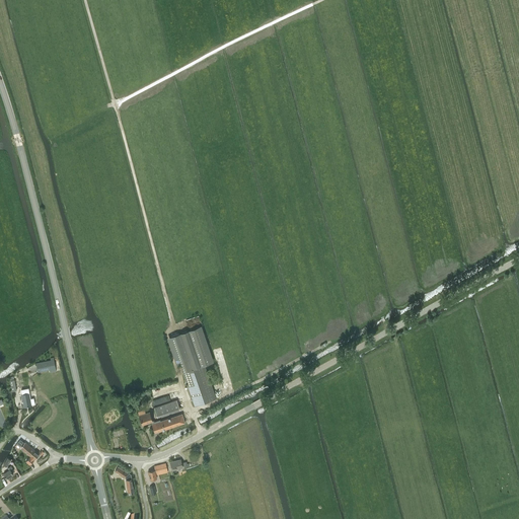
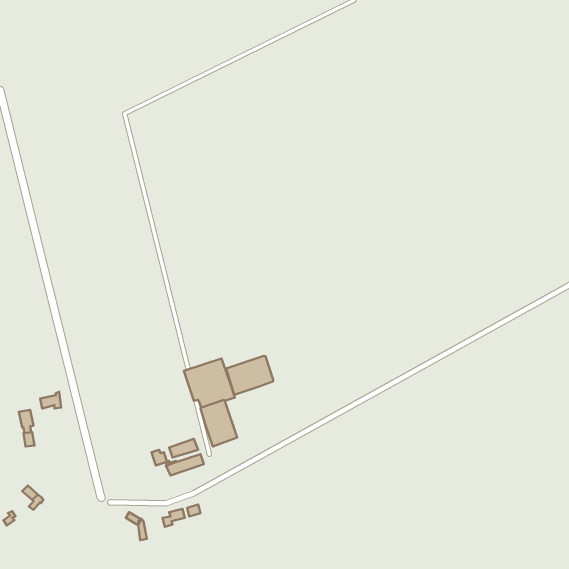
building: none -> [226,356,273,395]

